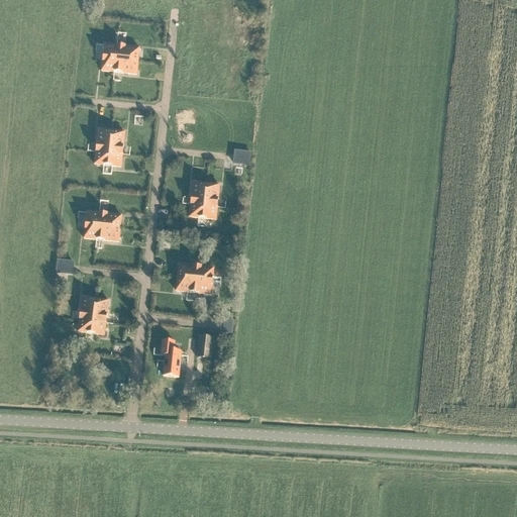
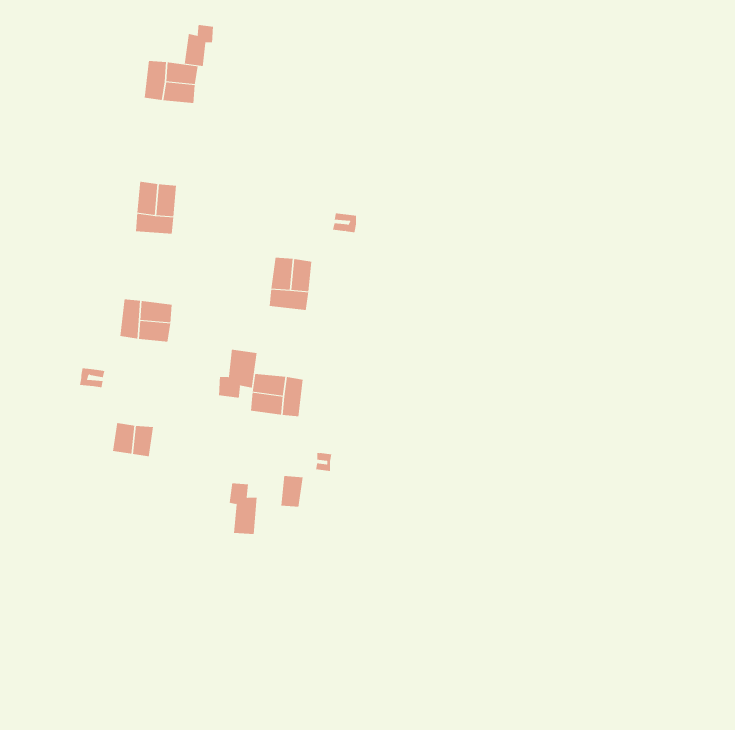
building: none -> [184,24,213,67]
building: none -> [219,349,257,398]
building: [78,317,105,335] -> none

